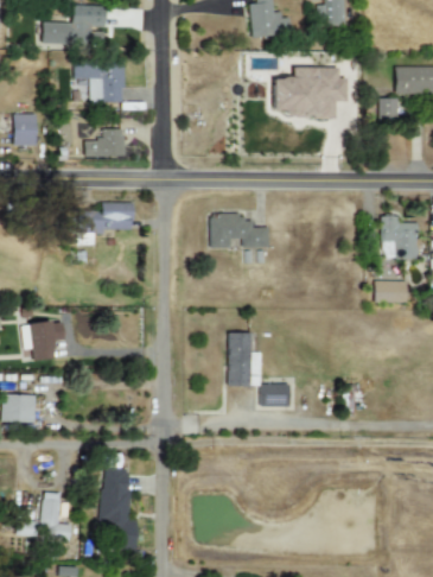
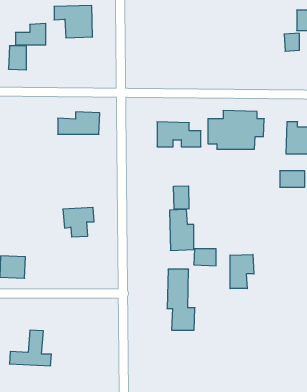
building: [274,66,349,118] -> [208,111,264,149]
building: [85,128,126,157] -> [15,23,46,45]
building: none -> [174,186,189,209]
building: [23,321,64,360] -> [63,207,94,237]
building: none -> [230,254,254,289]
building: [102,468,139,549] -> [167,269,195,330]

